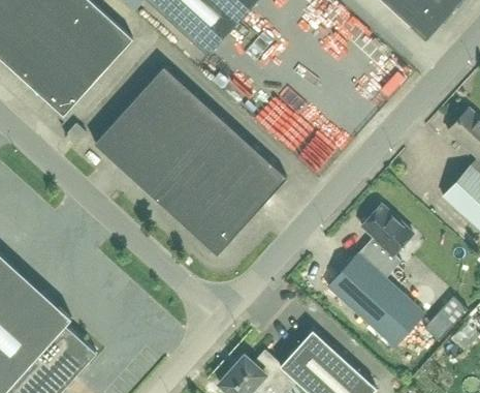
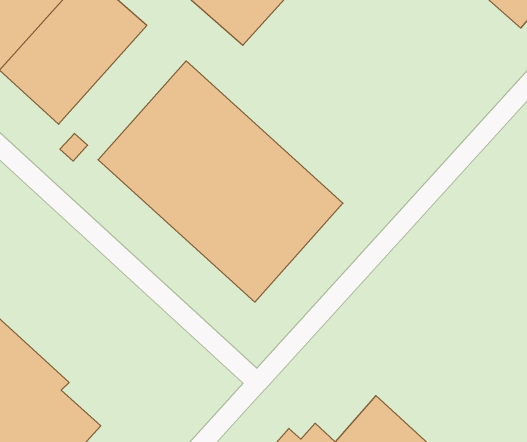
building: [326,204,424,347] -> none

